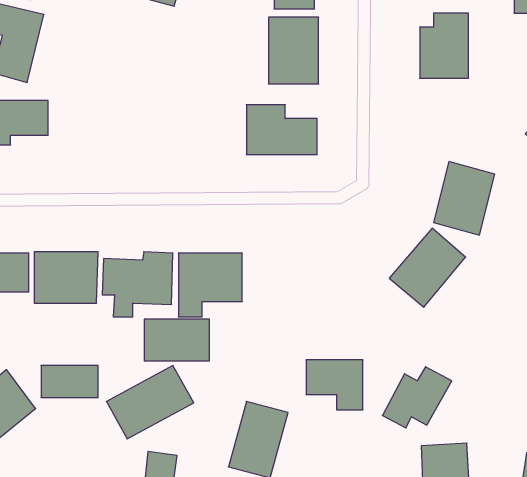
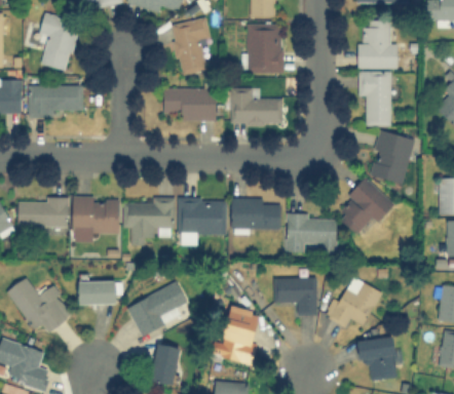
building: none -> [172,18,210,75]
building: none -> [358,72,390,126]
building: none -> [163,88,216,121]
building: none -> [286,213,336,253]
building: [144,319,209,361] -> [231,200,279,231]

